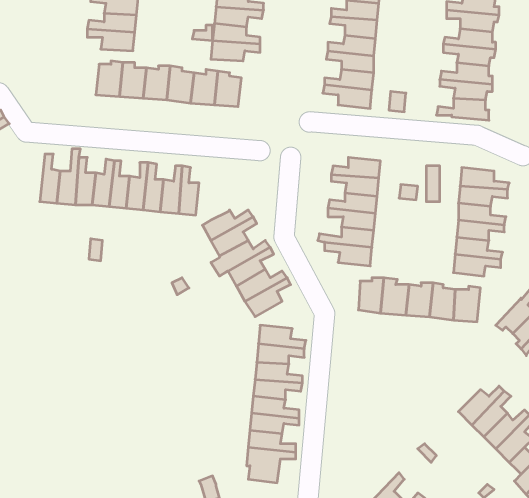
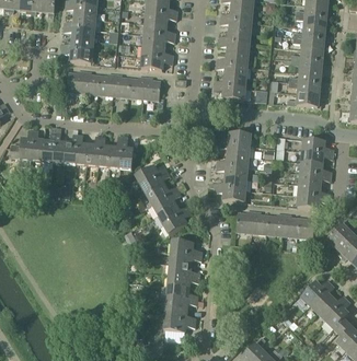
building: none -> [10,130,34,167]

